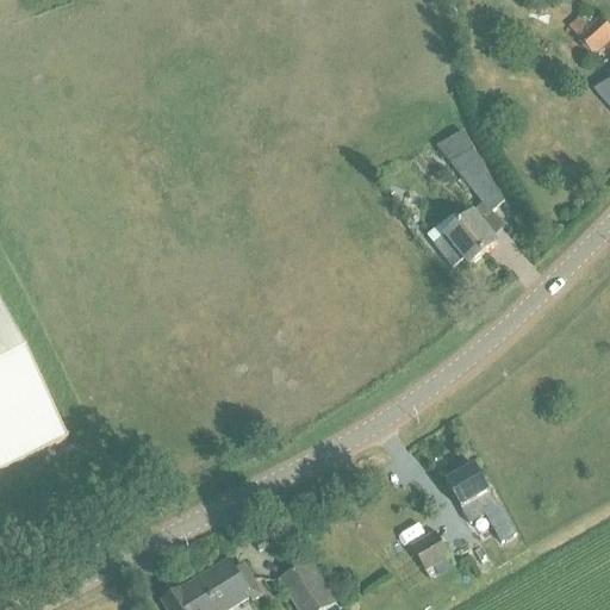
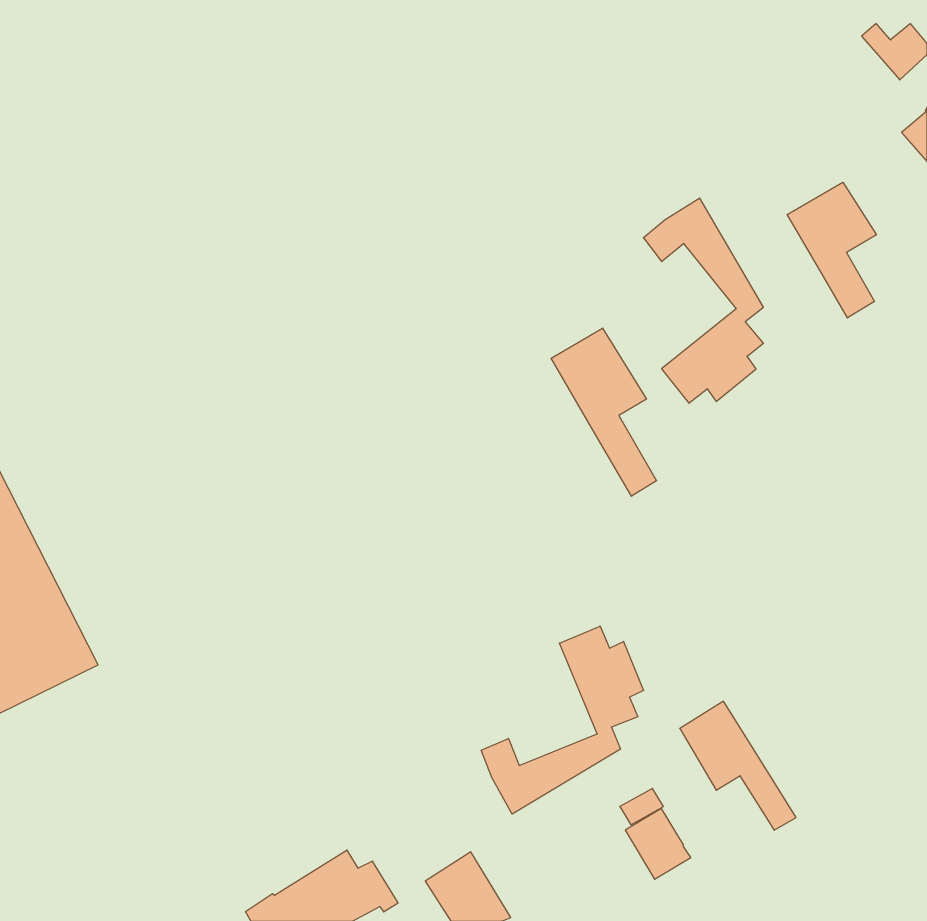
building: none -> [787,182,876,318]
building: none -> [551,328,656,496]
building: none -> [481,626,644,814]

